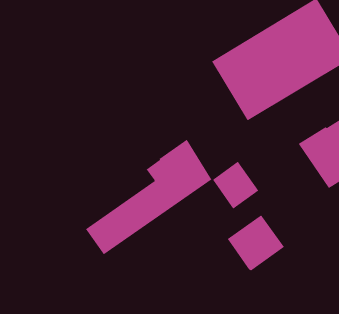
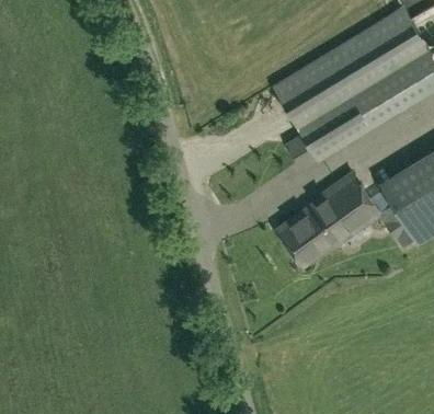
building: [85,139,212,255] -> none
building: [227,214,285,271] -> [307,174,377,243]

